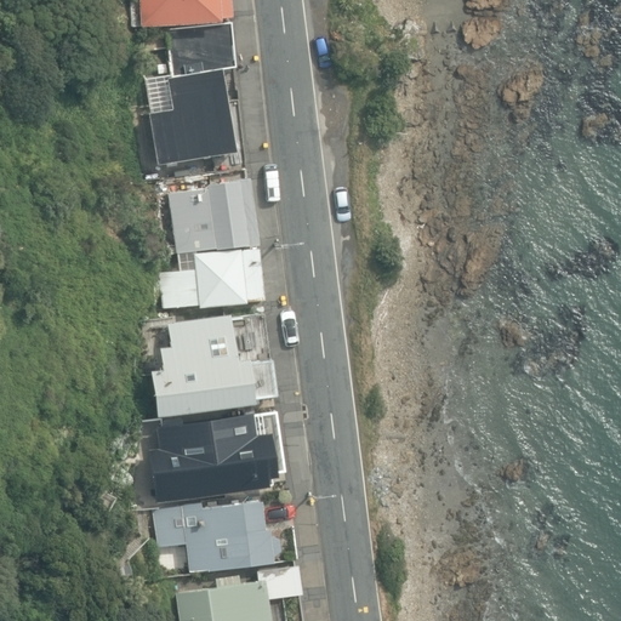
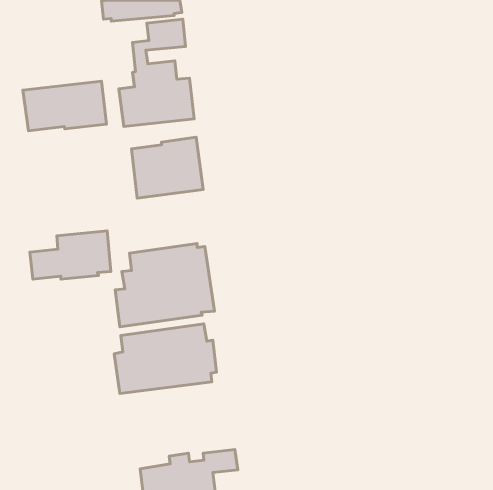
building: none -> [23,81,107,131]
building: [158,247,260,308] -> [30,231,111,279]
building: [152,501,279,572] -> none

